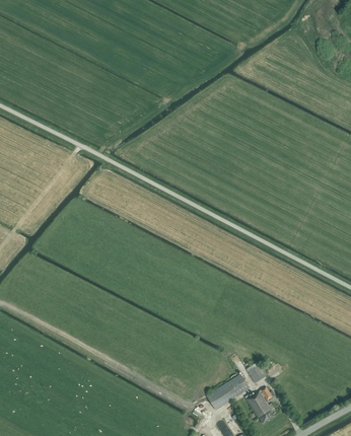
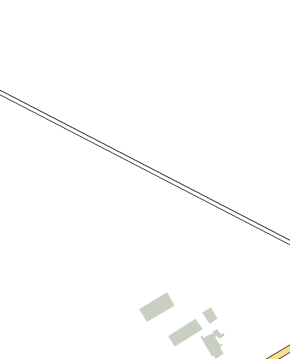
building: none -> [138,291,175,323]

